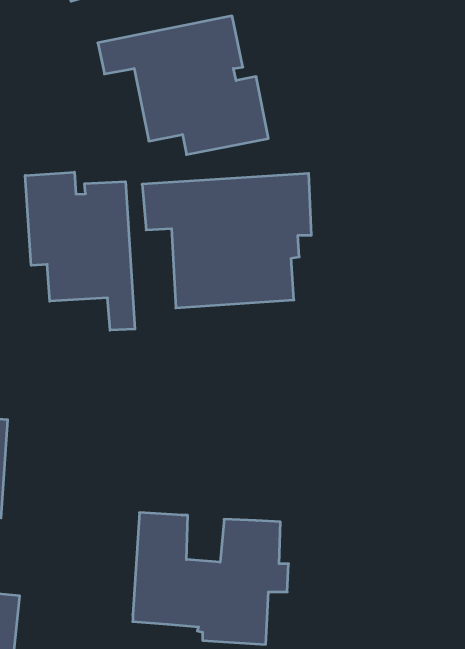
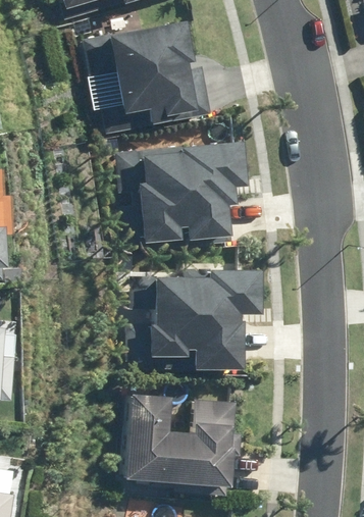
building: [25,172,135,330] -> none
building: none -> [129,266,261,369]

